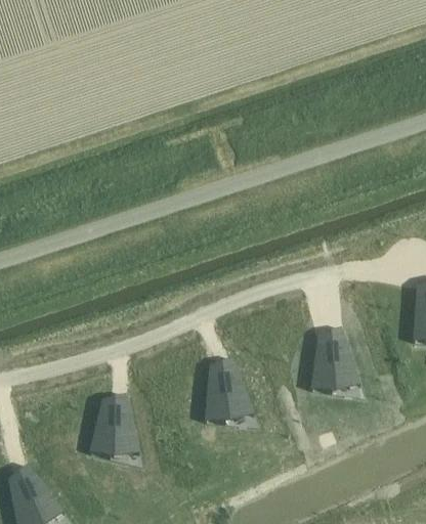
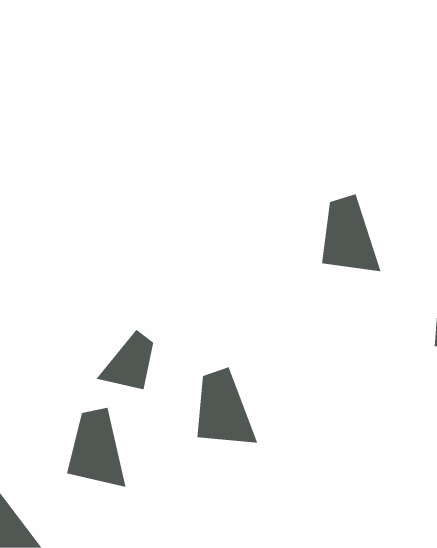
building: none -> [95,329,154,390]
building: [310,325,364,394] -> [321,194,382,272]

